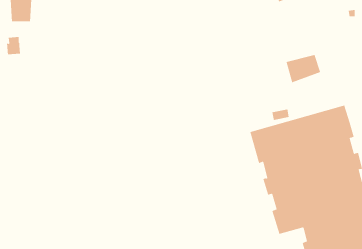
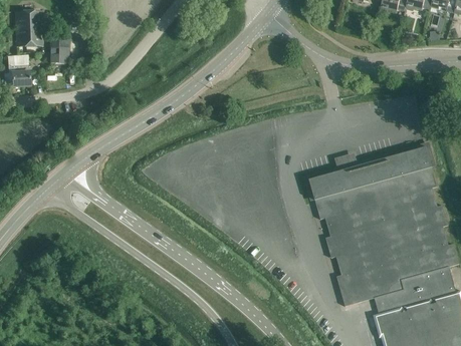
building: none -> [49,39,68,62]
building: [286,54,321,83] -> none

